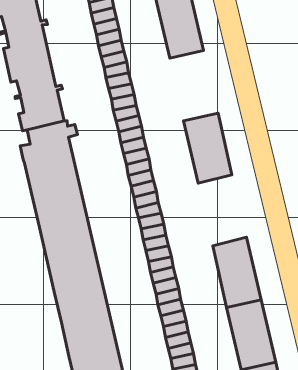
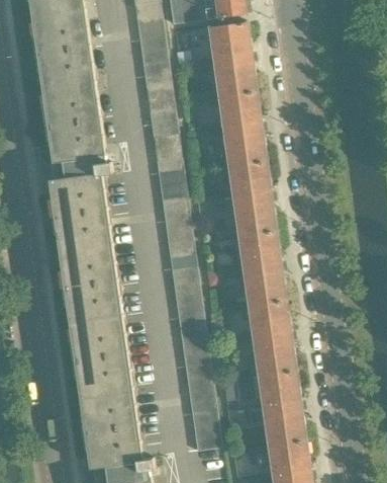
building: none -> [220,93,268,168]
building: none -> [239,232,287,308]

